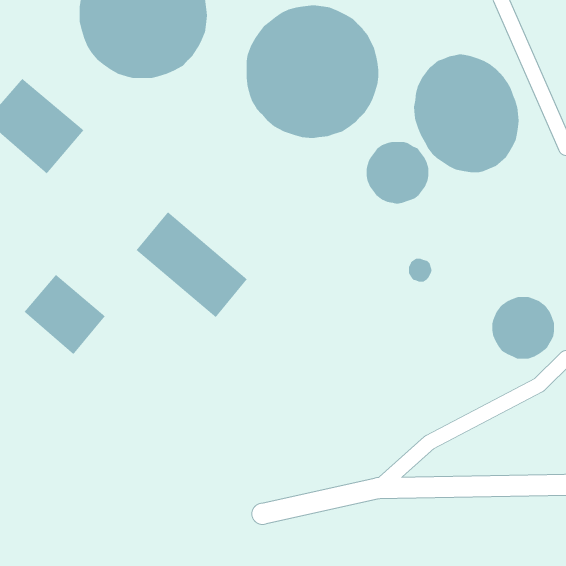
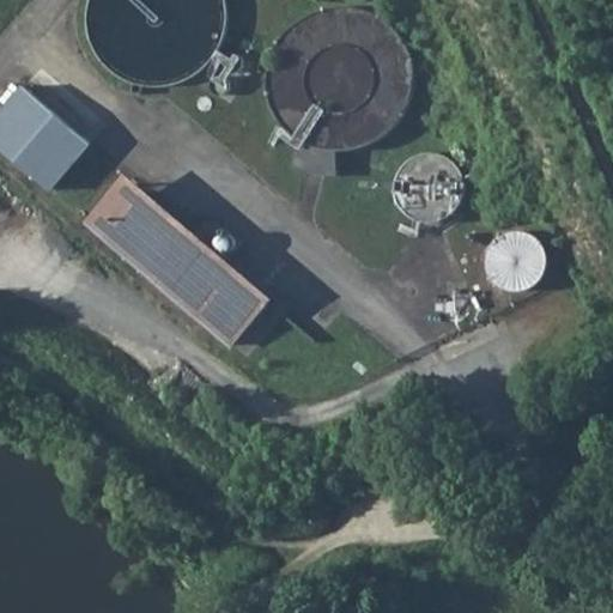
building: [413,54,519,173] -> none
building: [24,274,106,355] -> [92,182,181,269]
building: [492,296,555,359] -> [485,232,553,301]

